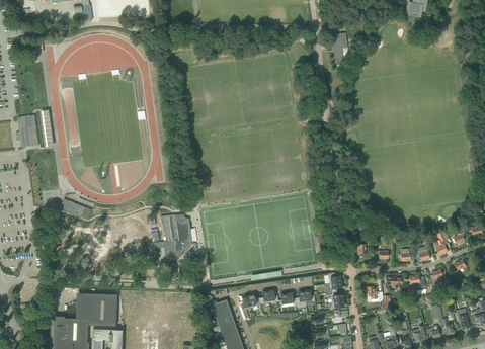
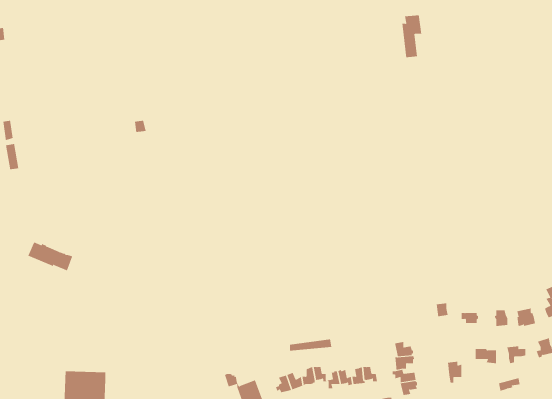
building: [160,214,191,257] -> none

